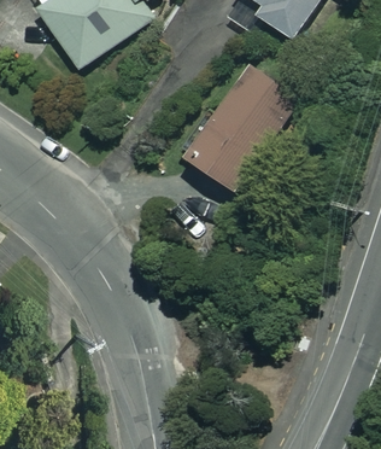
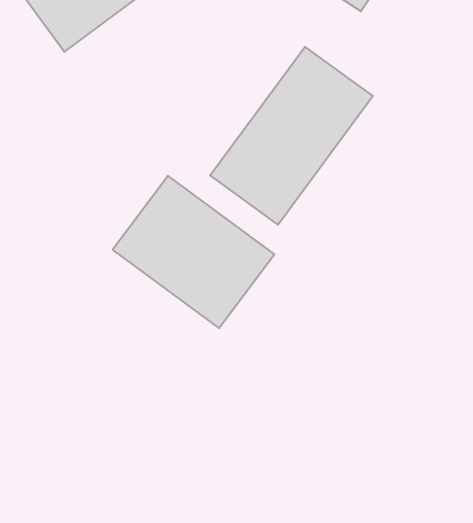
building: none -> [113,176,274,328]

